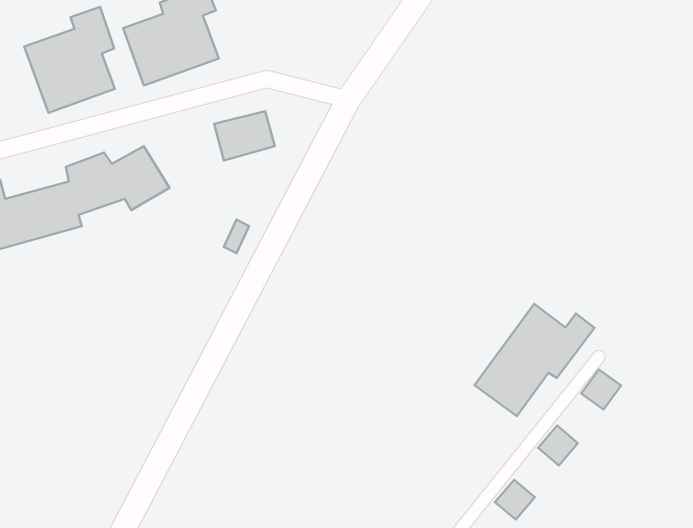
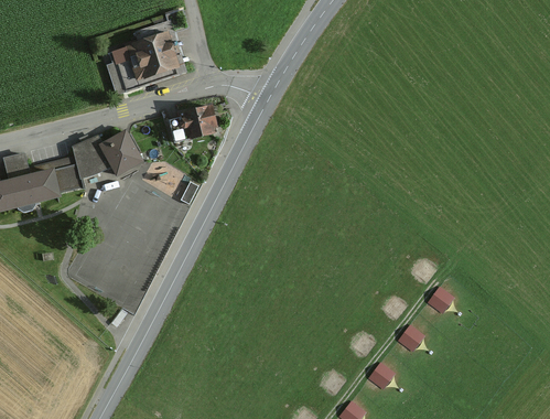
building: [24,7,115,113] -> none
building: [474,304,595,416] -> none

